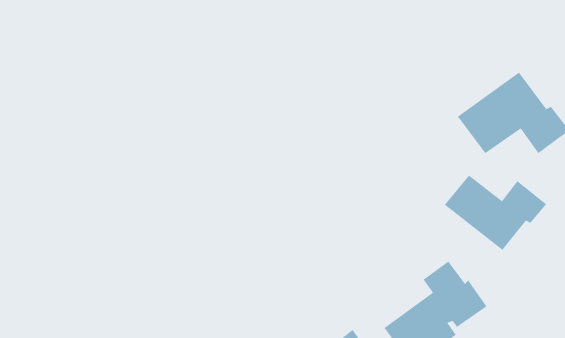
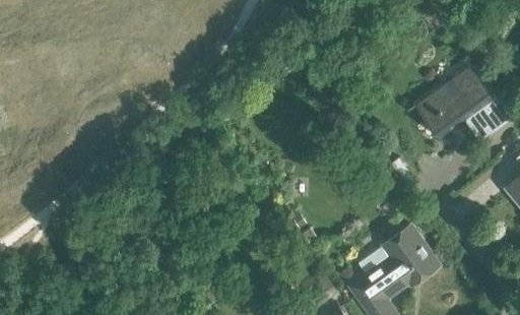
building: [444,175,547,251] -> none

